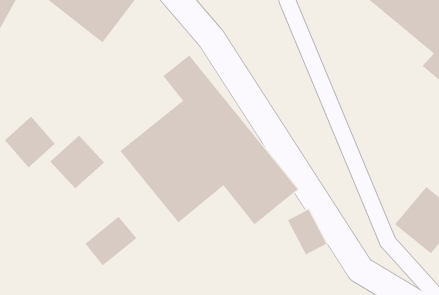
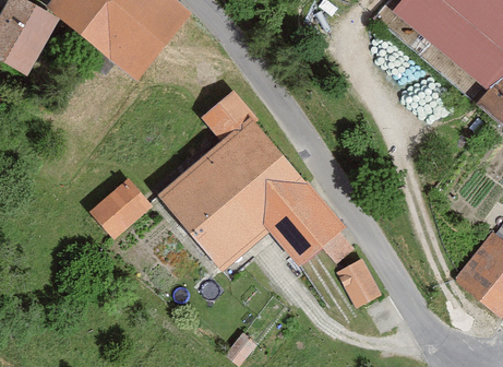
building: [4,116,56,168] -> none
building: [84,216,137,266] -> none

